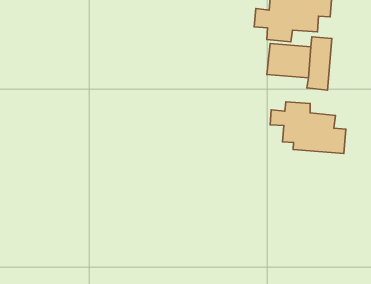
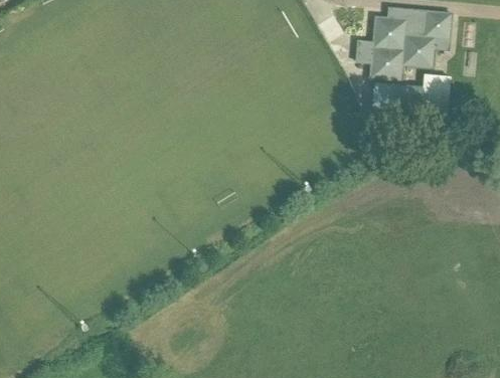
building: [270,102,346,154] -> none

